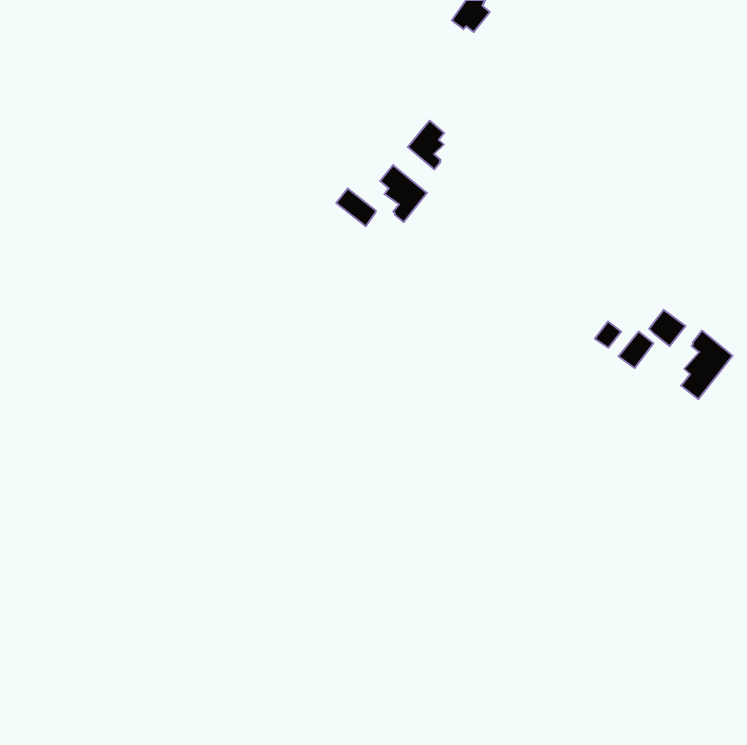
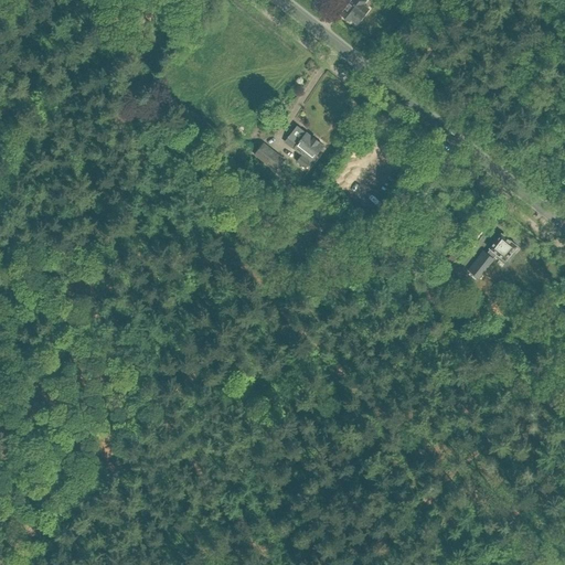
building: [408,121,444,169] -> none
building: [681,331,733,399] -> none

